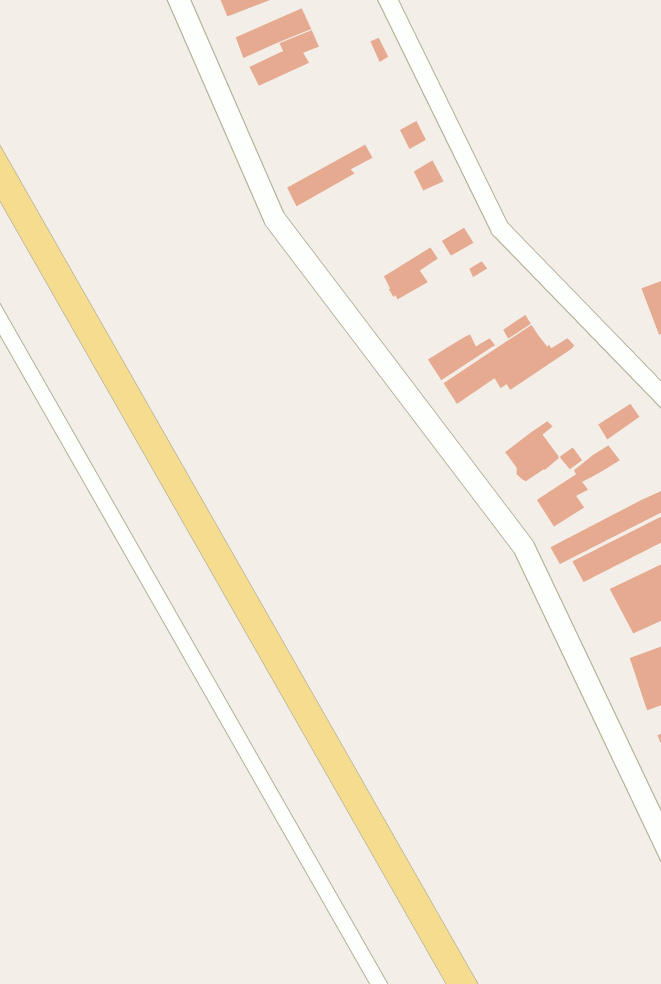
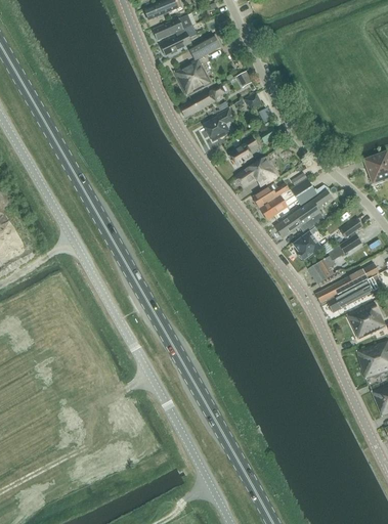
building: none -> [174,36,220,96]
building: none -> [204,110,232,141]
building: none -> [235,157,279,189]
building: none -> [274,191,331,238]

